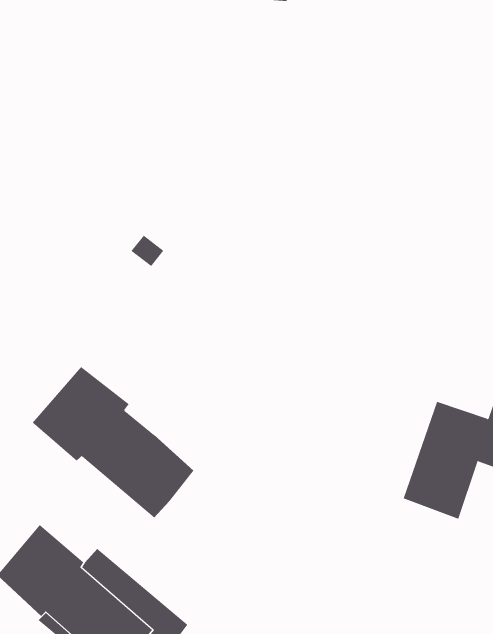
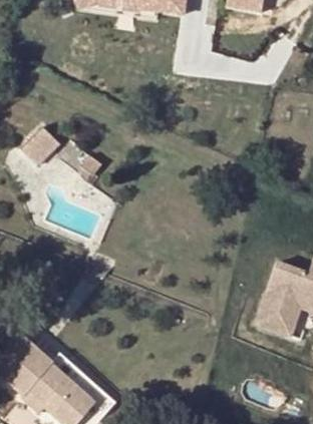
building: none -> [23,129,62,169]
building: [32,366,194,518] -> none

